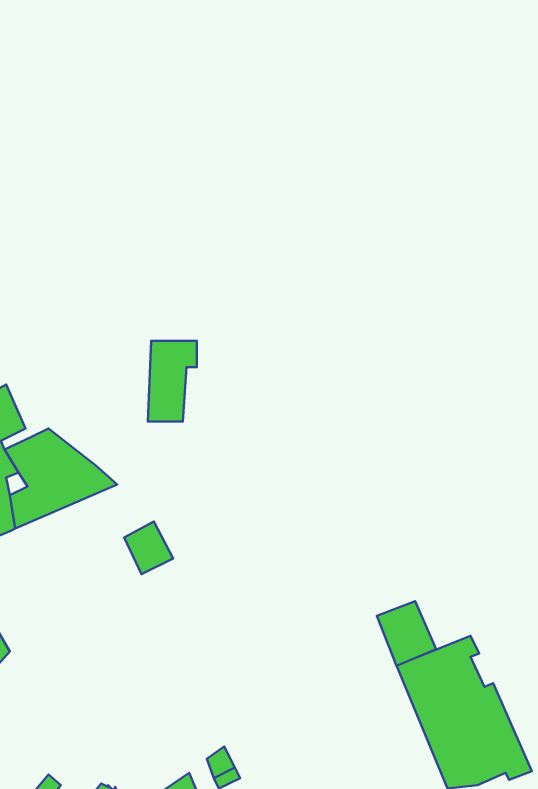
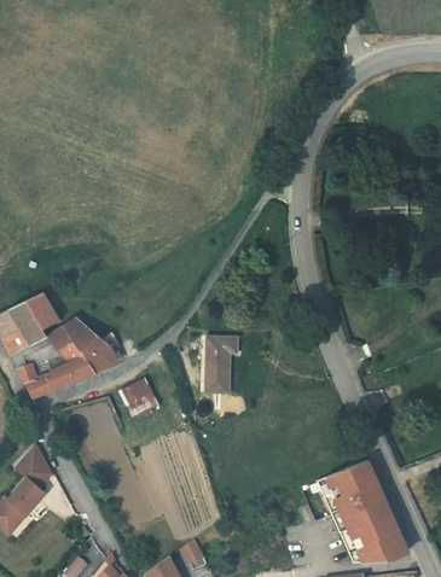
building: [148,341,197,422] -> [207,339,240,395]
building: [377,601,436,666] -> none

